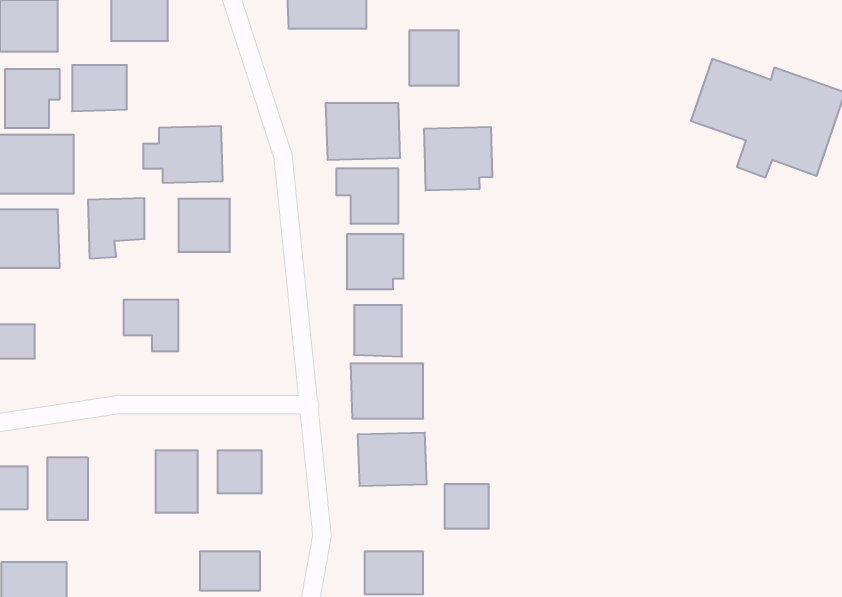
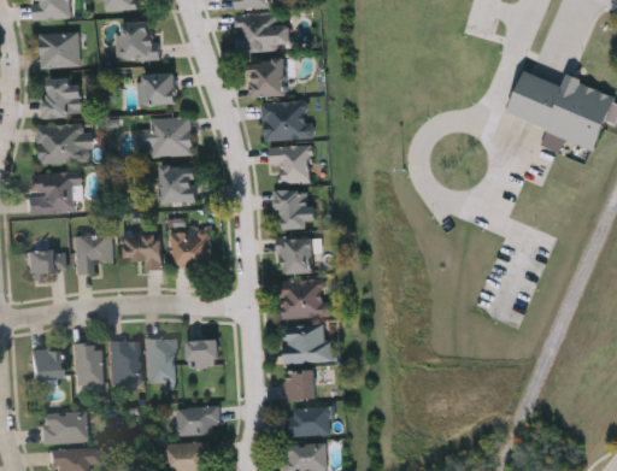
building: [409,30,459,85] -> [252,60,286,98]
building: [72,65,127,111] -> [139,75,176,106]
building: [424,127,492,191] -> none
building: [88,198,145,258] -> [75,235,113,276]
building: none -> [172,234,210,269]
building: none -> [110,340,140,383]
building: [445,484,489,529] -> [286,369,316,399]

